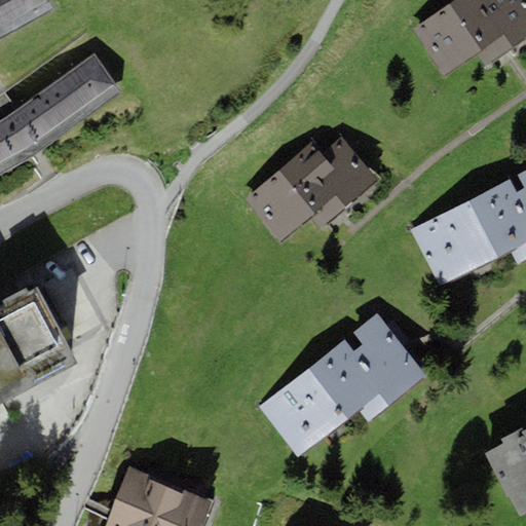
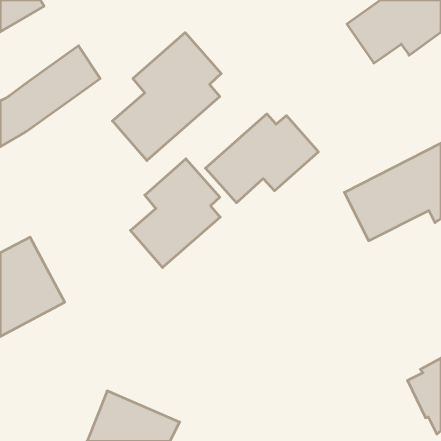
building: none -> [112,33,221,161]
building: none -> [130,159,220,268]
building: [258,313,427,457] -> none

